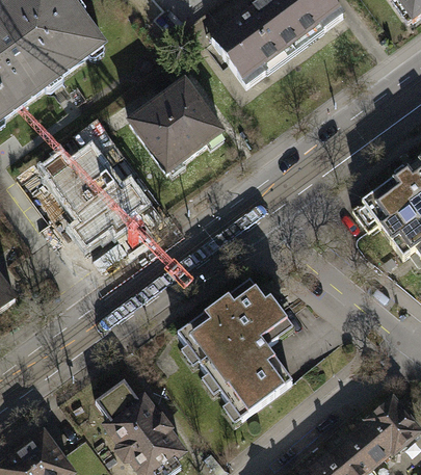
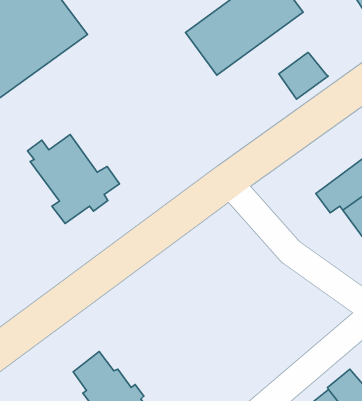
building: none -> [279,53,328,99]
building: [129,75,229,173] -> none
building: [180,280,292,416] -> none

